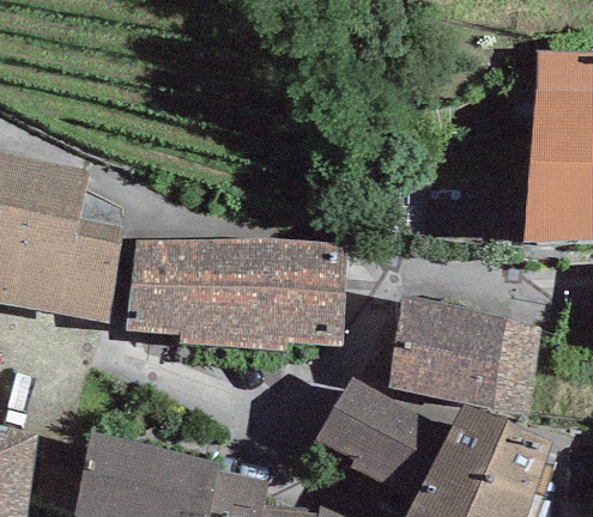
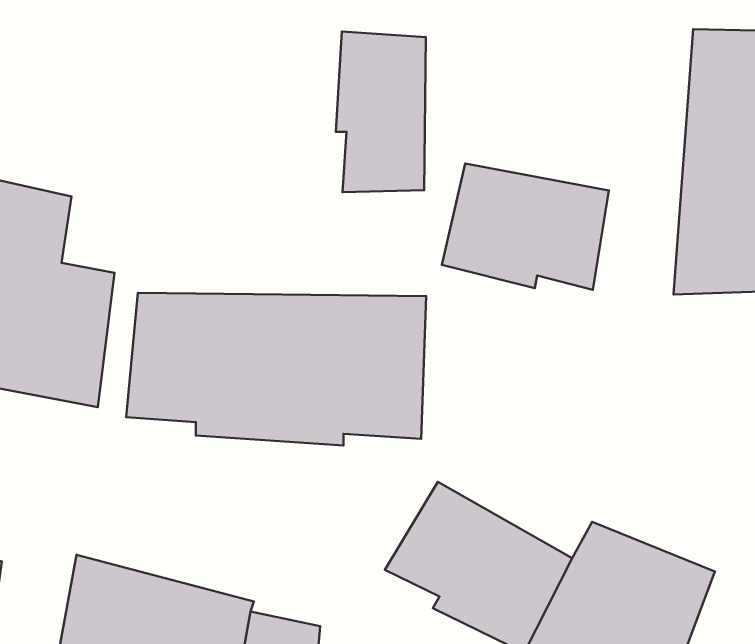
building: none -> [336,31,426,192]
building: none -> [442,164,609,290]
building: [387,297,540,415] -> none

